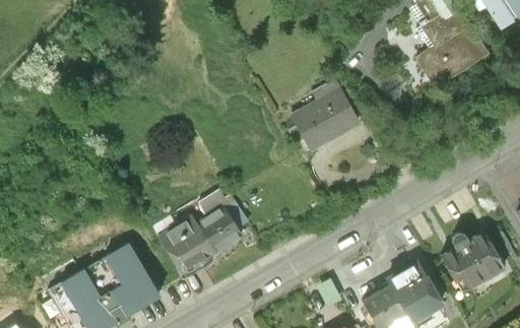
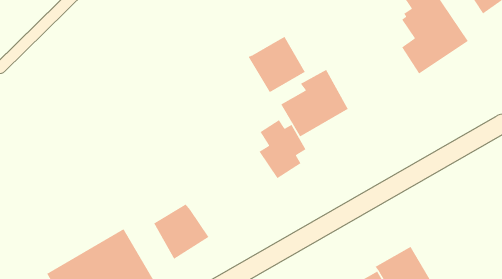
building: none -> [247,36,306,93]
building: [197,190,247,252] -> [258,119,307,179]
building: [441,231,505,288] -> none

